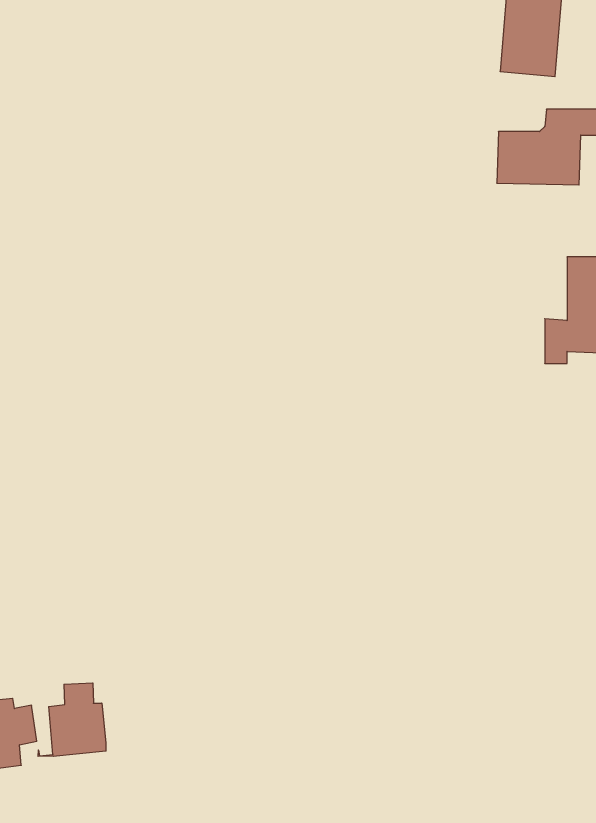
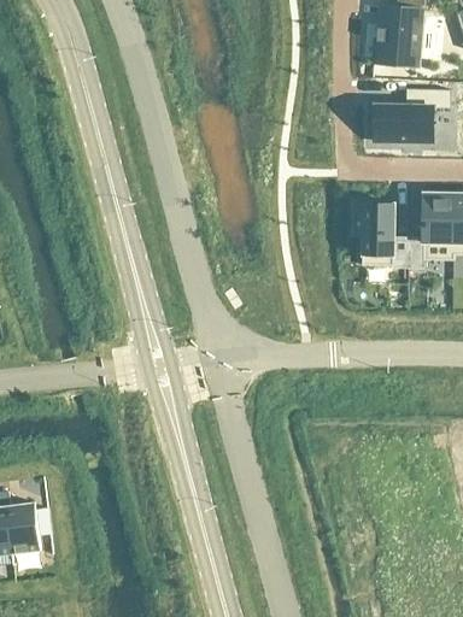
building: none -> [353,202,409,266]
building: [38,683,106,756] -> none

